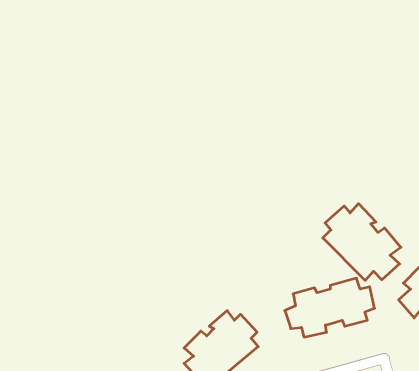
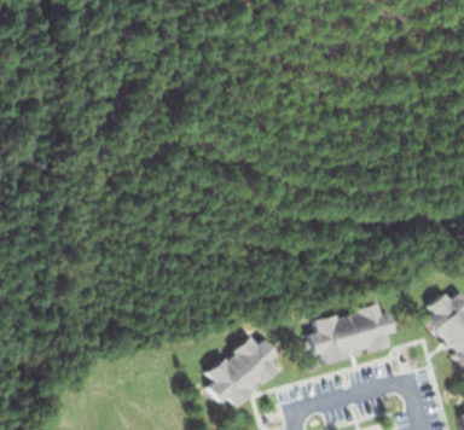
building: [323,204,401,280] -> none

